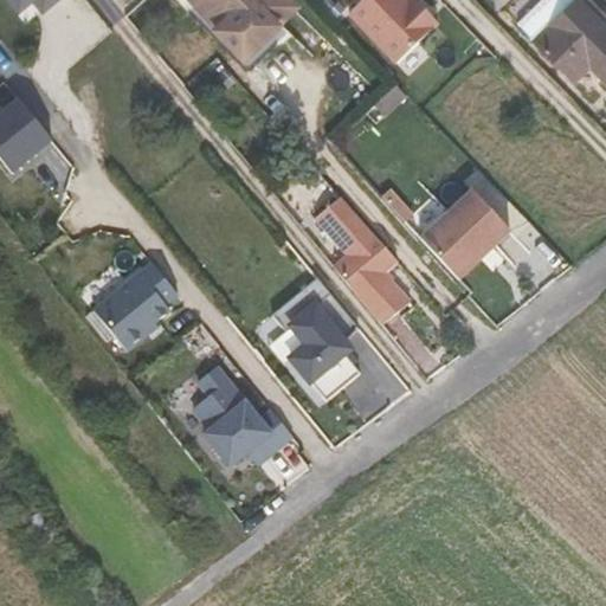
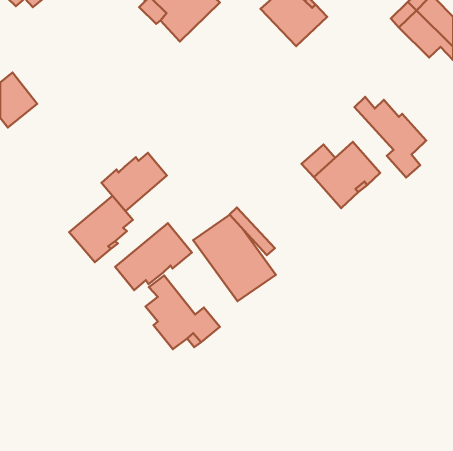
building: none -> [355,97,426,178]
building: [317,200,412,327] -> none
building: none -> [101,153,167,211]
building: none -> [115,223,192,290]

